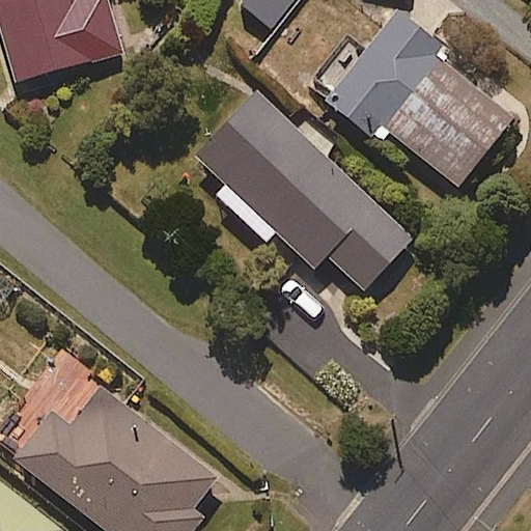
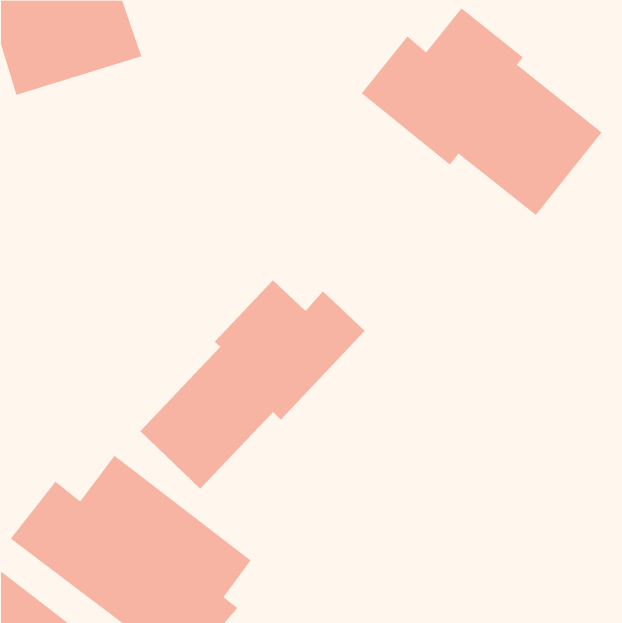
building: [193,89,413,289] -> none
building: none -> [140,279,366,489]

